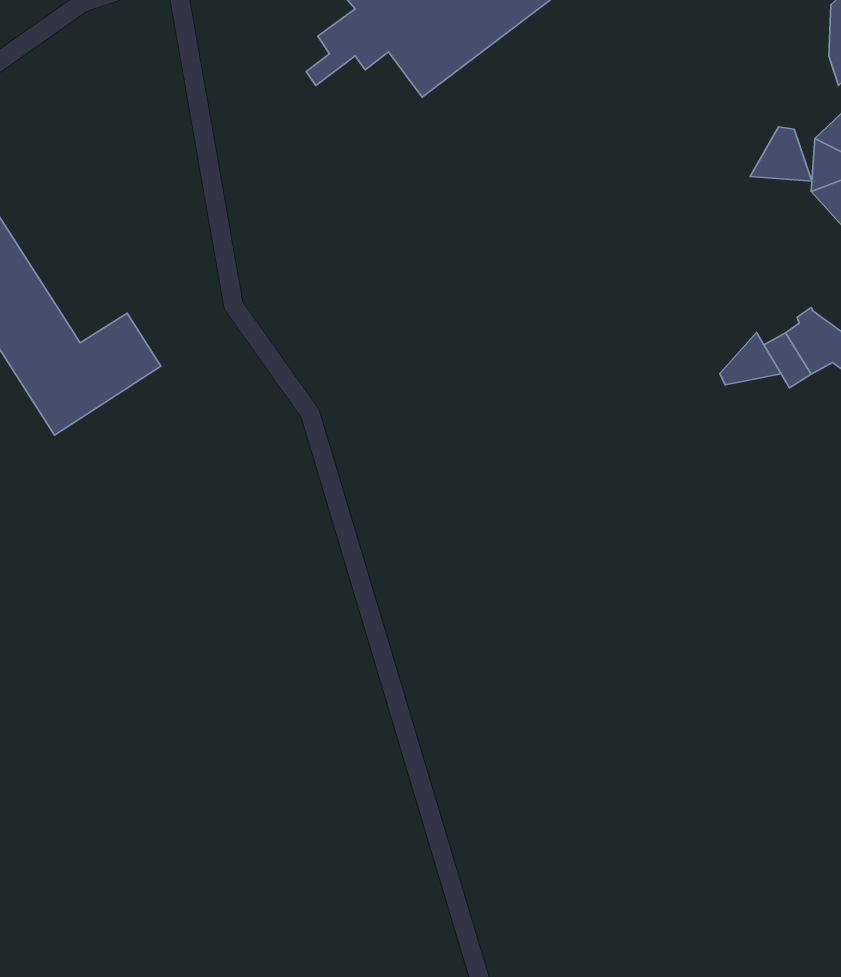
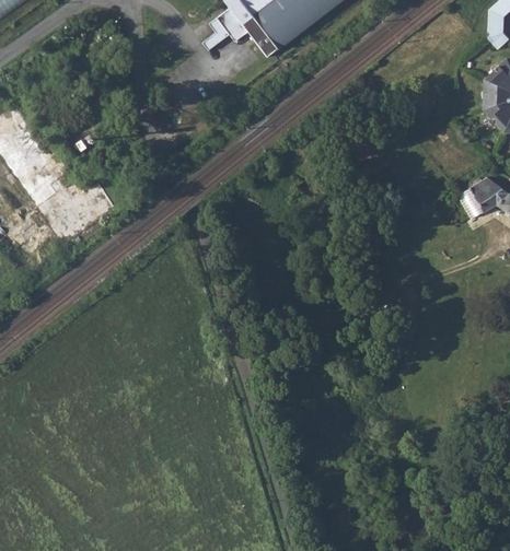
building: [750,127,812,181] -> none
building: [720,332,781,385] -> none

